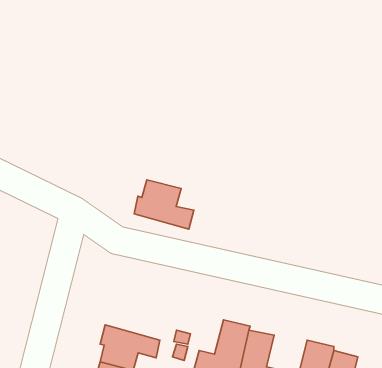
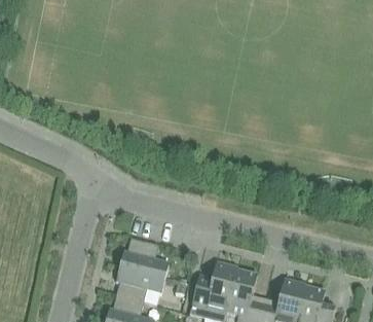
building: [134,180,194,229] -> [120,238,169,278]

